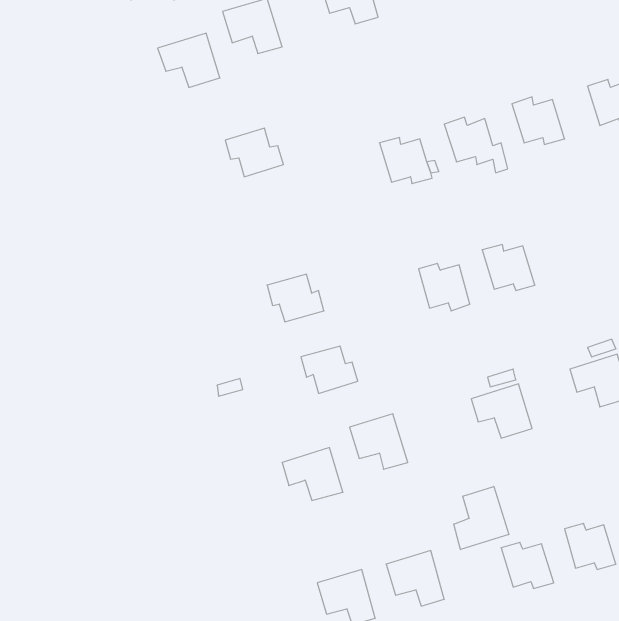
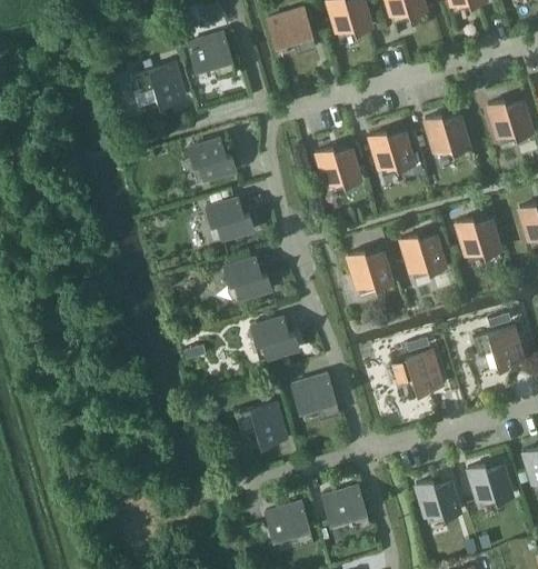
building: none -> [207,200,253,239]
building: none -> [456,218,499,257]
building: [454,486,509,550] -> none

